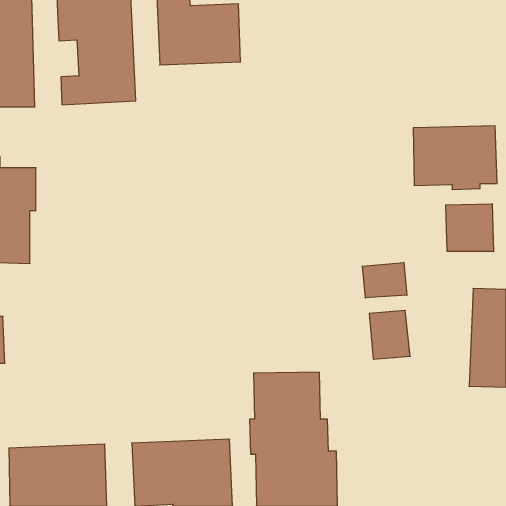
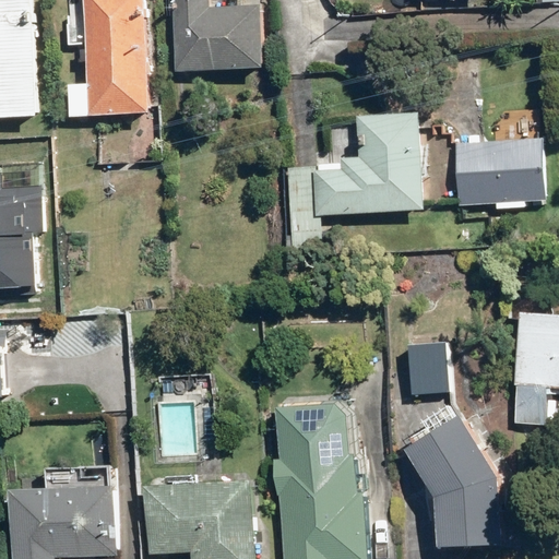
building: none -> [285,114,423,245]
building: [446,204,494,252] -> none
building: [363,262,407,298] -> none
building: none -> [406,415,502,546]

